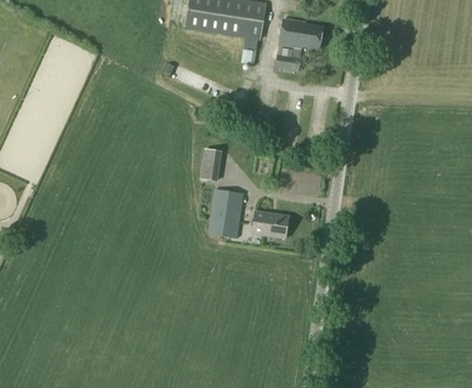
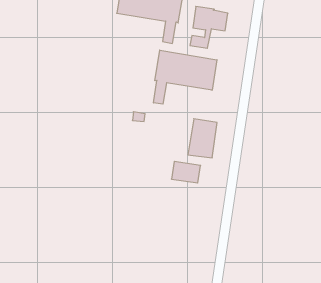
building: none -> [154,50,217,104]
building: [207,188,244,236] -> [188,119,217,158]

